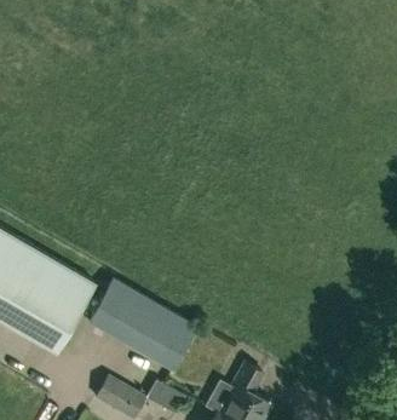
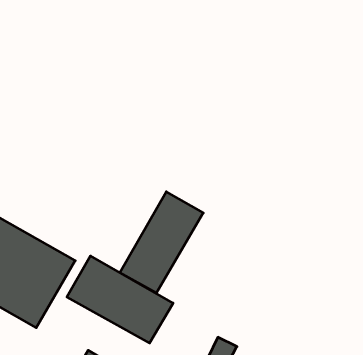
building: none -> [120,192,203,293]

